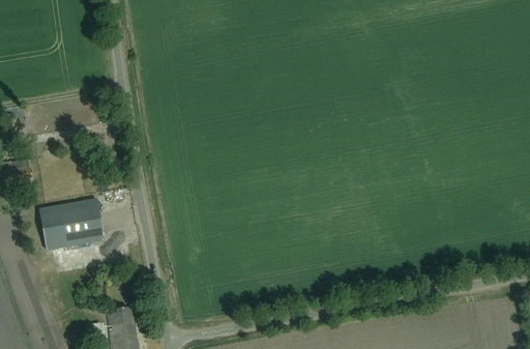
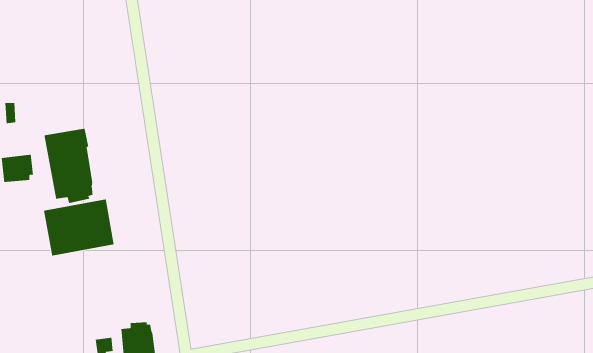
building: none -> [44,128,93,204]

